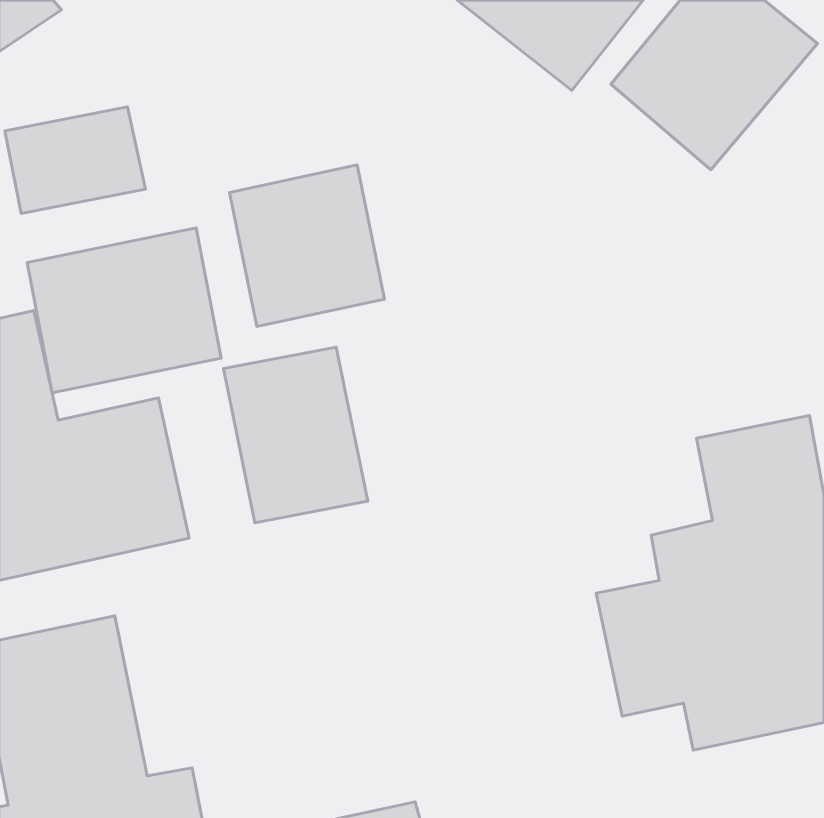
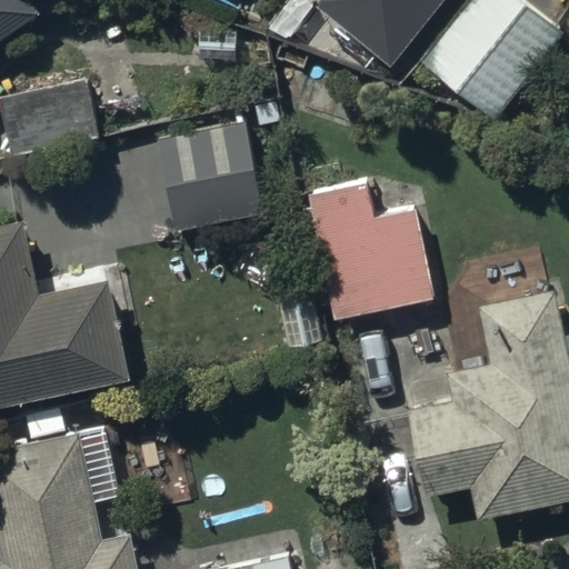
building: [27,228,221,393] -> none
building: none -> [310,183,433,320]
building: [223,347,368,523] -> none

